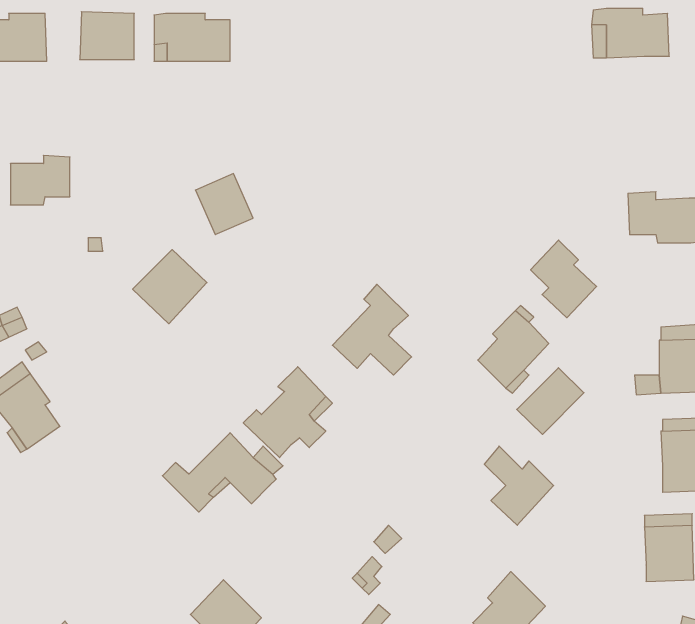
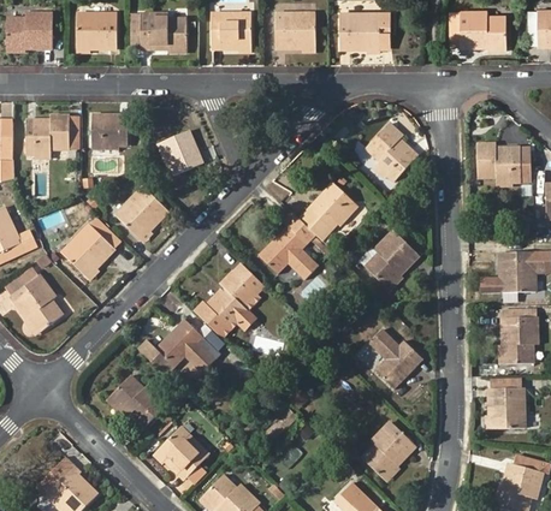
building: none -> [339,12,389,48]
building: none -> [211,13,250,49]
building: none -> [274,13,314,49]
building: none -> [91,115,128,145]
building: [531,240,597,318] -> [367,124,415,180]
building: none -> [298,183,355,239]
building: none -> [61,224,114,278]
building: [517,368,584,434] -> none
building: none -> [109,376,165,429]

